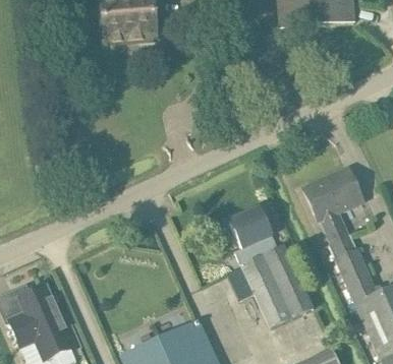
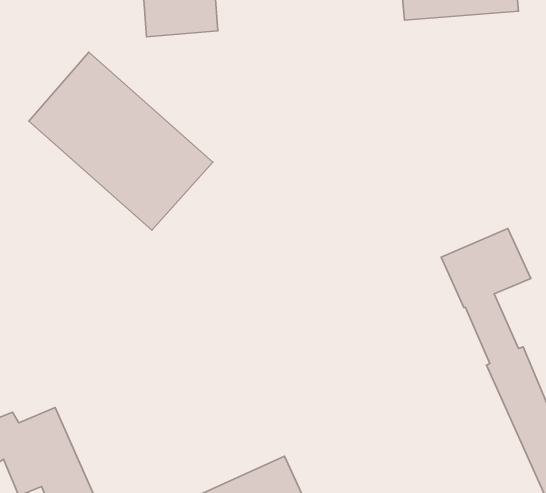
building: none -> [29,52,213,230]
building: [230,207,315,328] -> none

